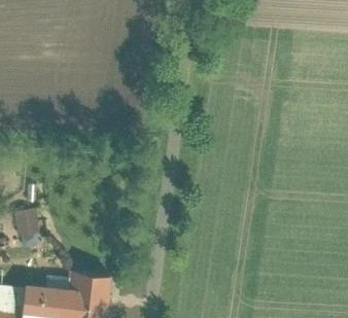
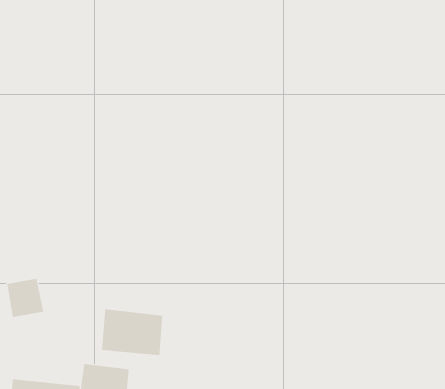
building: none -> [101,309,163,356]

